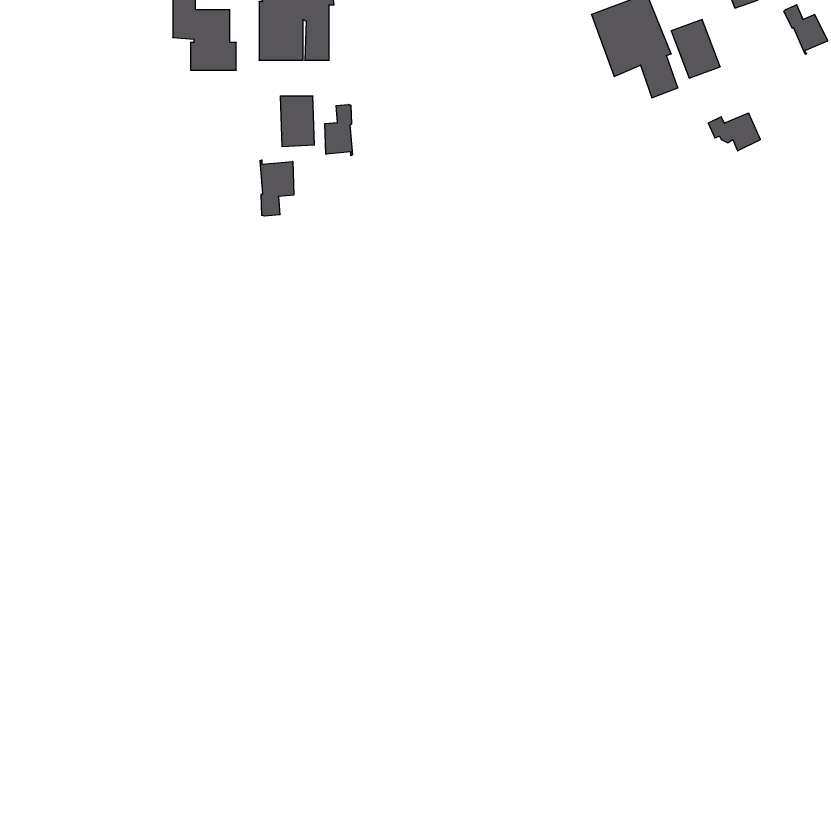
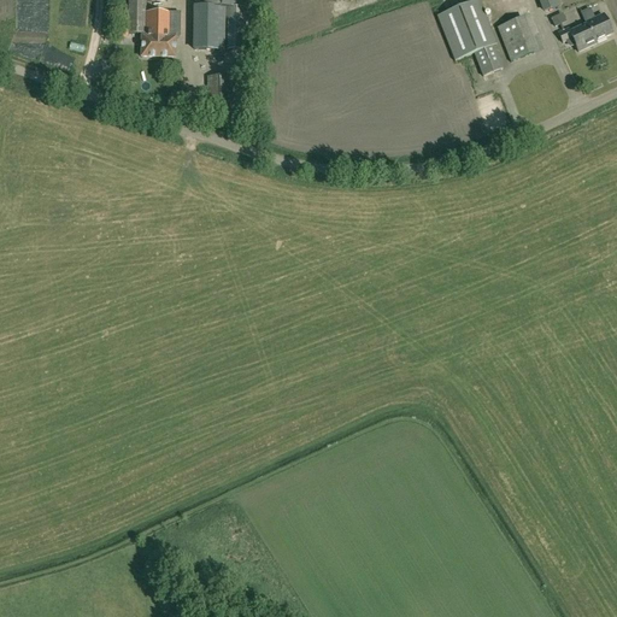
building: [325,104,352,156] -> none
building: [708,113,760,151] -> [557,20,595,48]
building: [260,160,294,216] -> none

